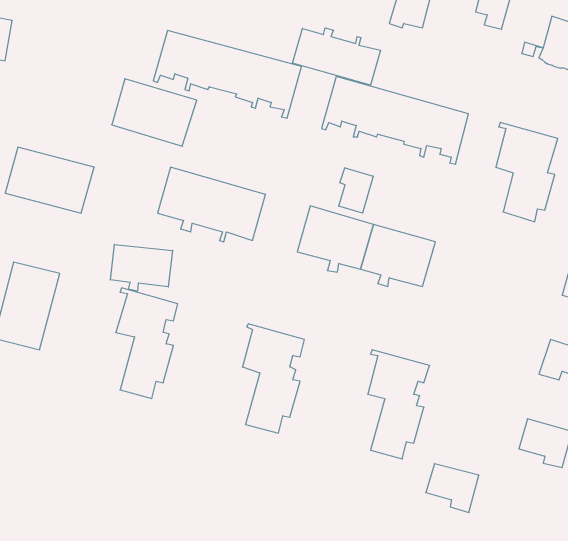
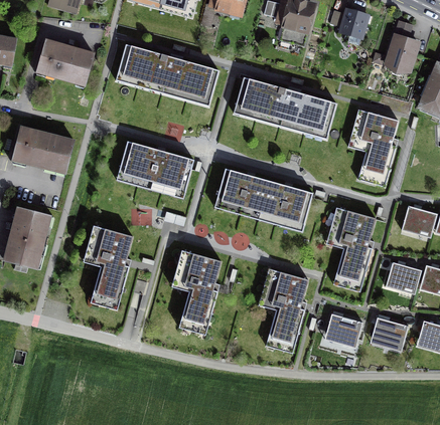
building: [292,28,381,85] -> none
building: [112,79,197,146] -> [36,39,96,86]
building: [339,168,373,213] -> none
building: [111,244,173,291] -> none
building: none -> [331,207,376,283]
building: [426,464,479,513] -> [325,313,362,348]

